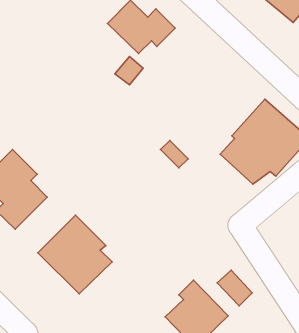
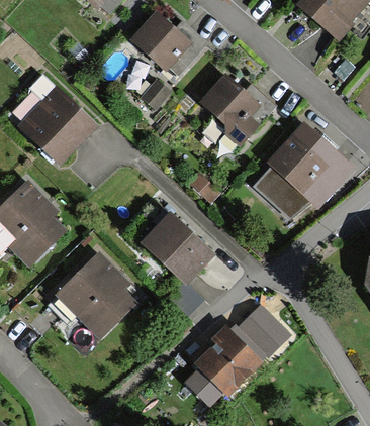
building: none -> [200,73,278,147]
building: none -> [16,74,98,167]
building: none -> [141,213,215,287]

